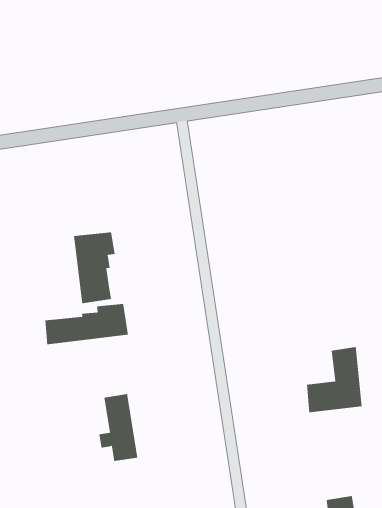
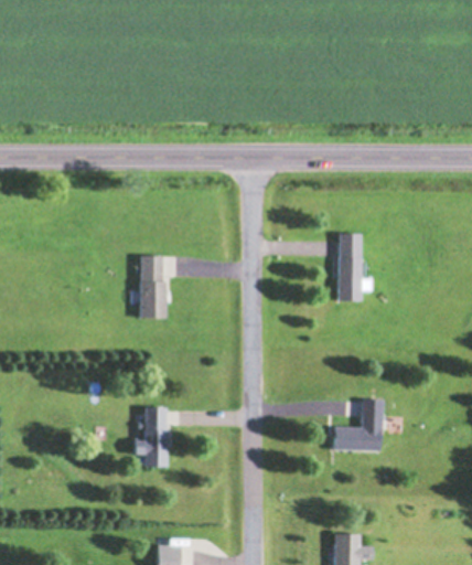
building: none -> [339,233,363,301]
building: [45,303,129,345] -> none

